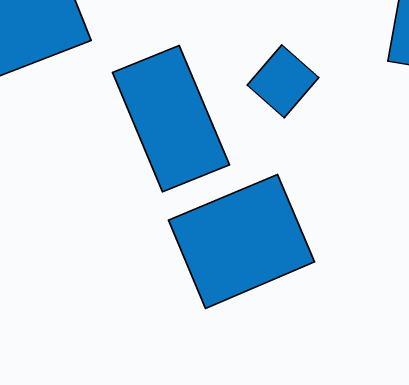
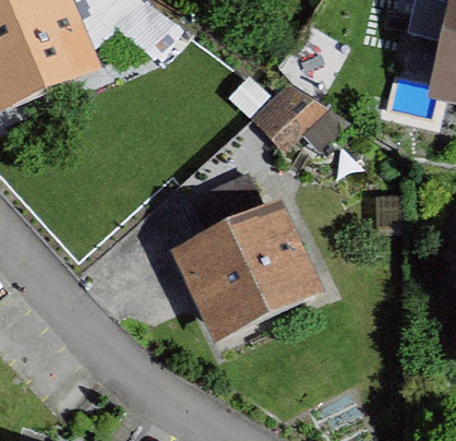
building: [113,45,229,192] -> none

